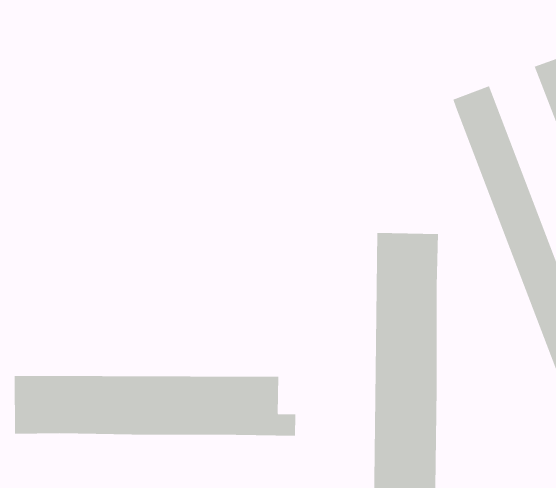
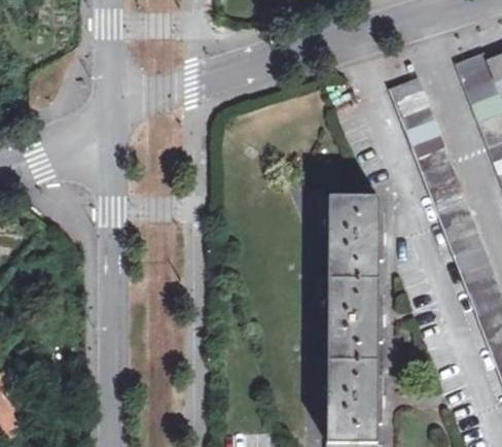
building: [14,375,296,437] -> none

